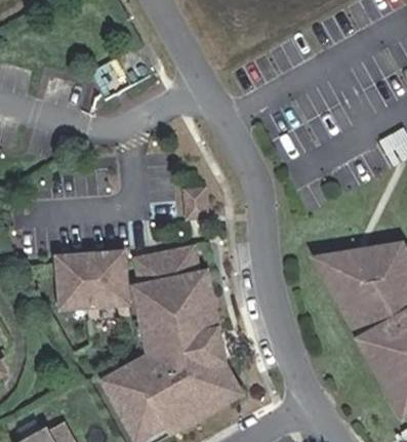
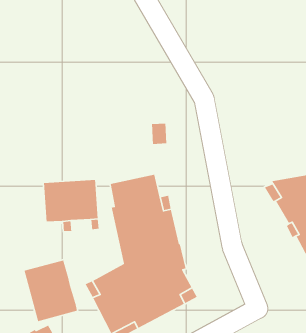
building: none -> [24,259,78,322]

